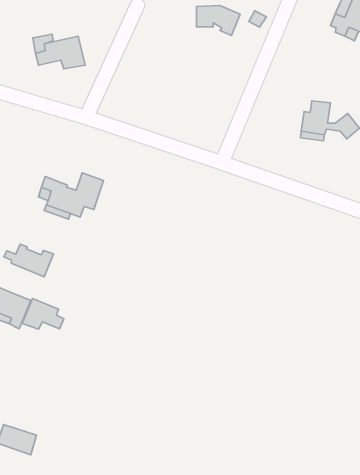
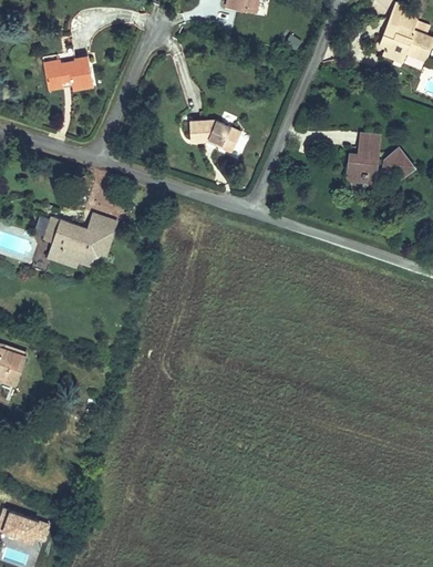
building: [197,5,240,35] -> [188,115,238,150]
building: [4,244,54,277] -> none
building: [22,298,64,329] -> none

